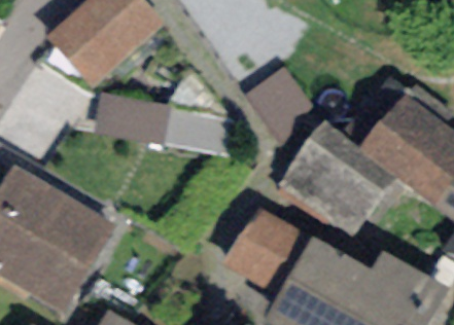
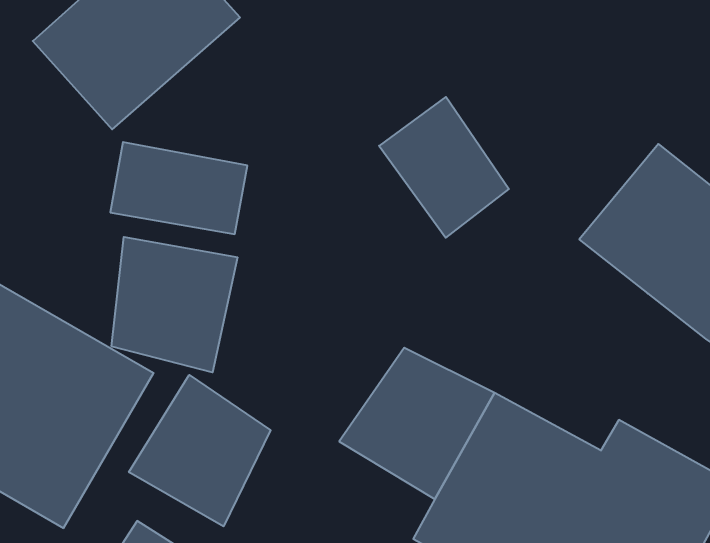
building: [278,120,398,233] -> none
building: none -> [112,237,237,372]
building: none -> [129,375,271,526]

